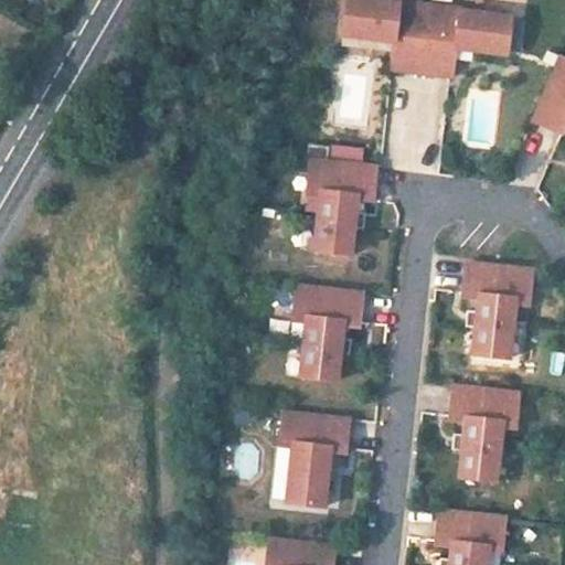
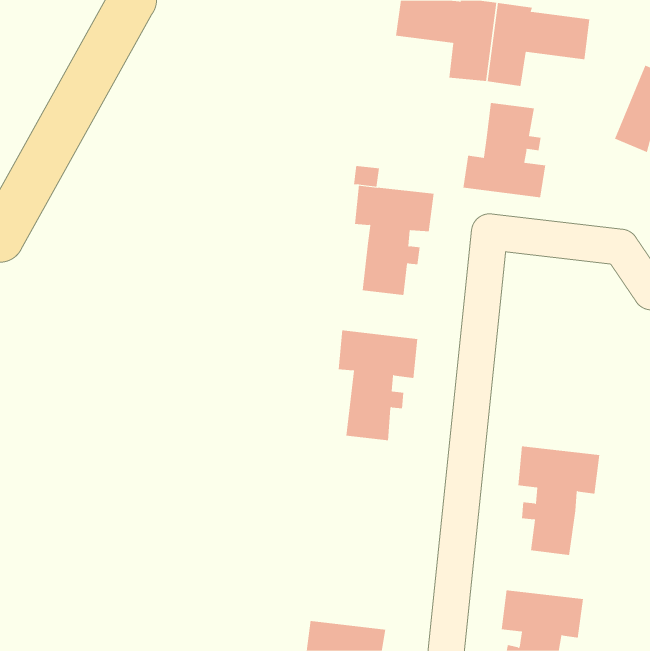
building: none -> [463,102,546,198]
building: [462,262,534,356] -> none
building: [280,412,350,508] -> none

